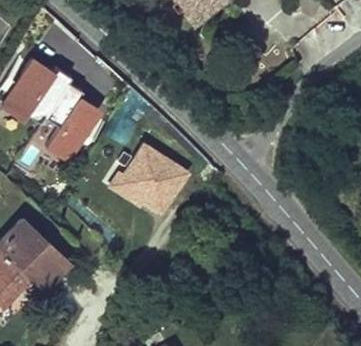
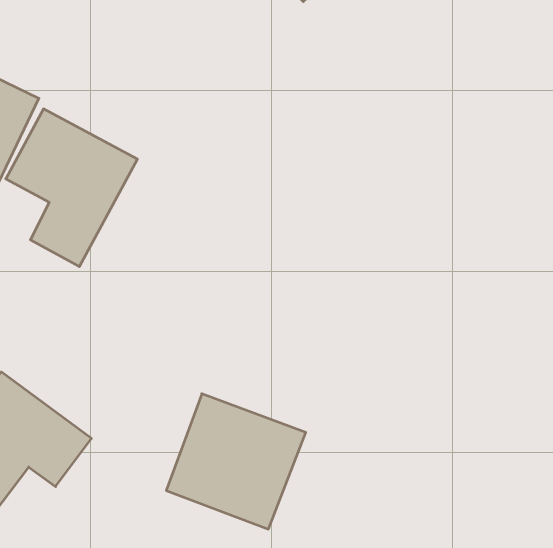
building: [108,139,188,217] -> [166,394,306,529]

